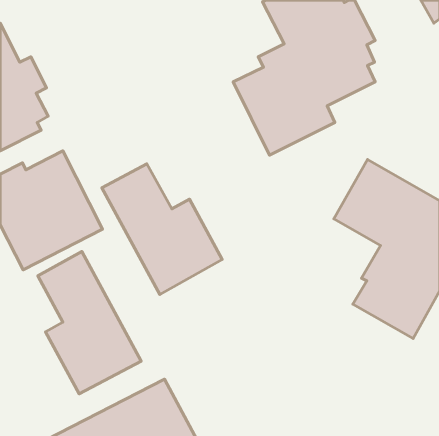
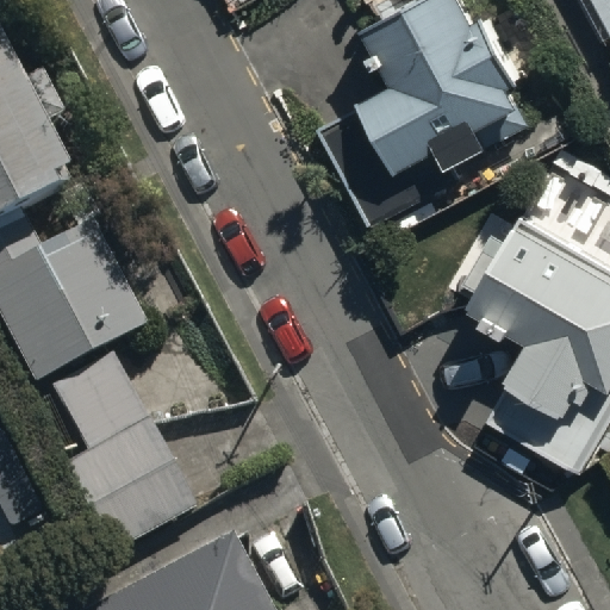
building: [102,164,222,295] -> none

